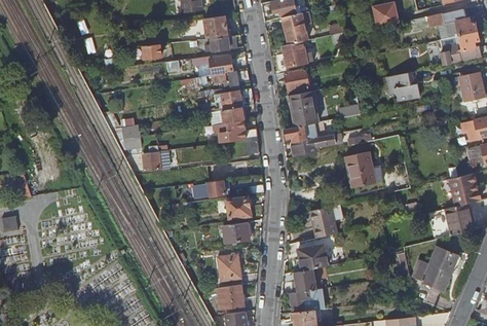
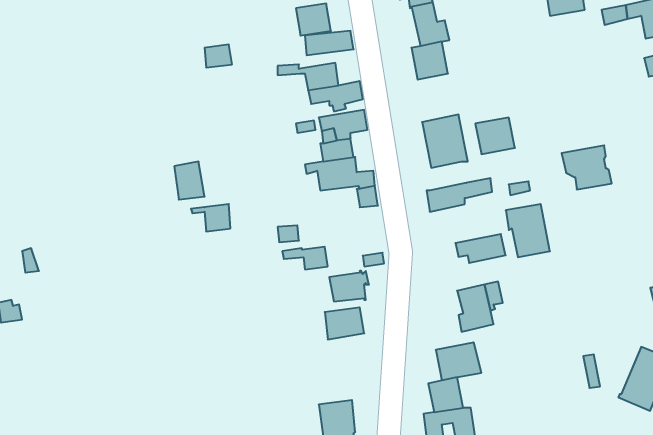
building: [284,68,309,93] -> none
building: [385,71,419,101] -> [562,145,612,189]
building: [285,122,319,142] -> [455,234,506,263]
building: [217,253,241,280] -> none

